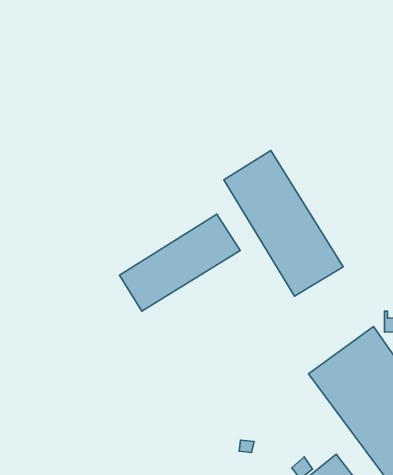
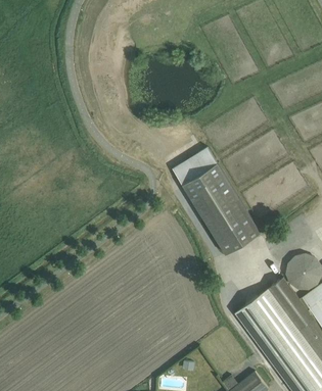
building: [120,214,240,311] -> none

